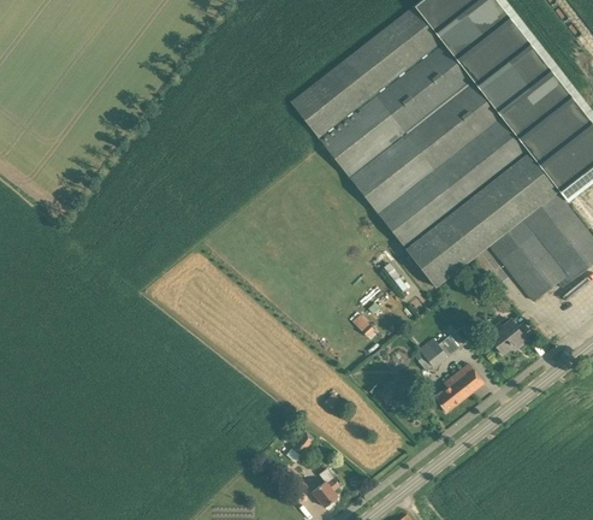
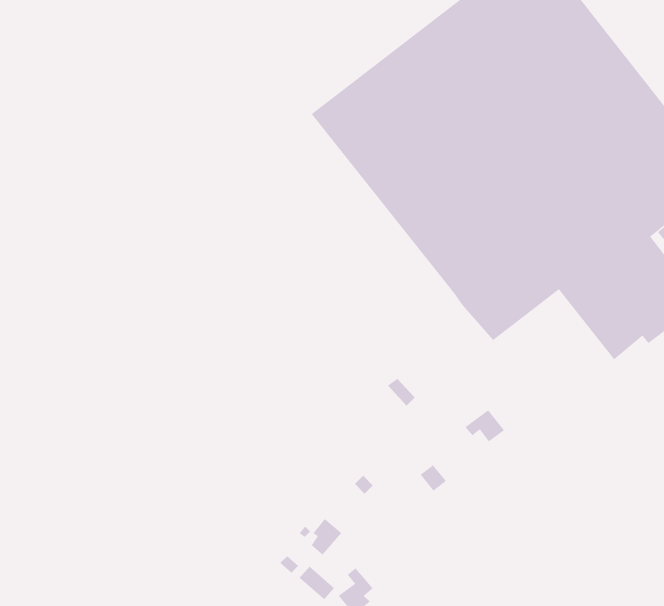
building: [487,320,533,355] -> none
building: [434,365,484,413] -> none

